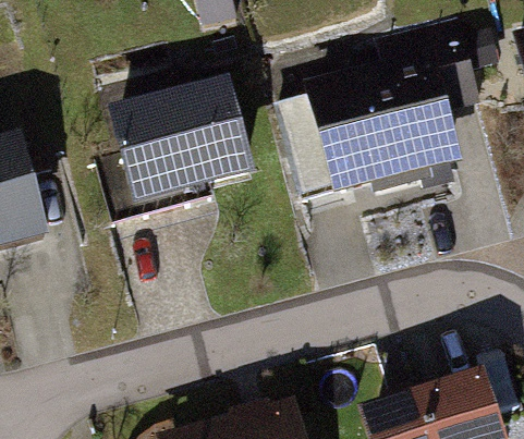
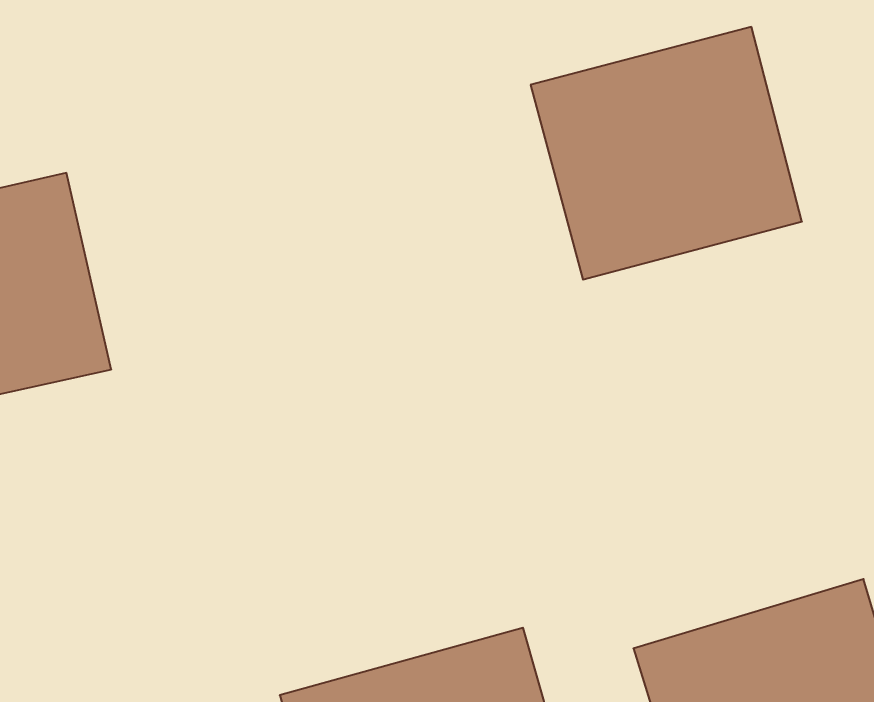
building: [123,76,270,209] -> none

